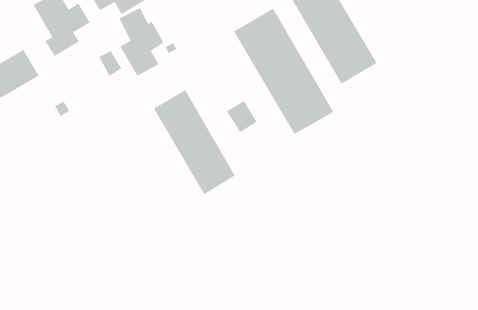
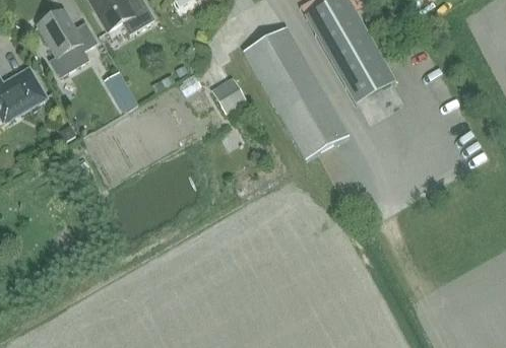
building: [118,7,164,77] -> none
building: [153,90,236,195] -> none
building: [226,100,257,133] -> [212,80,245,114]

